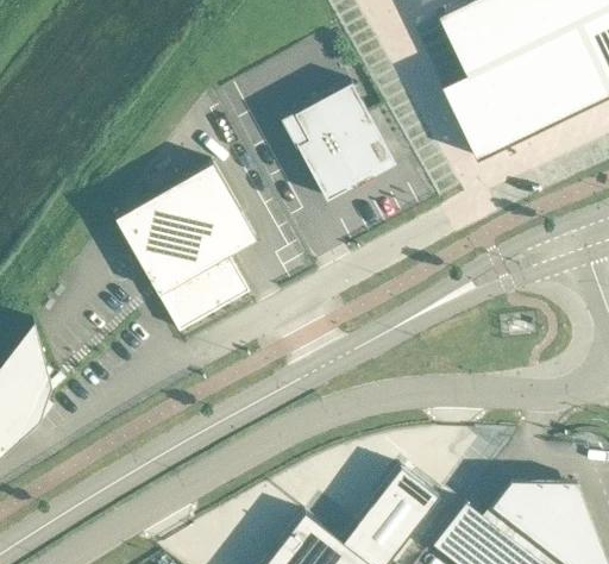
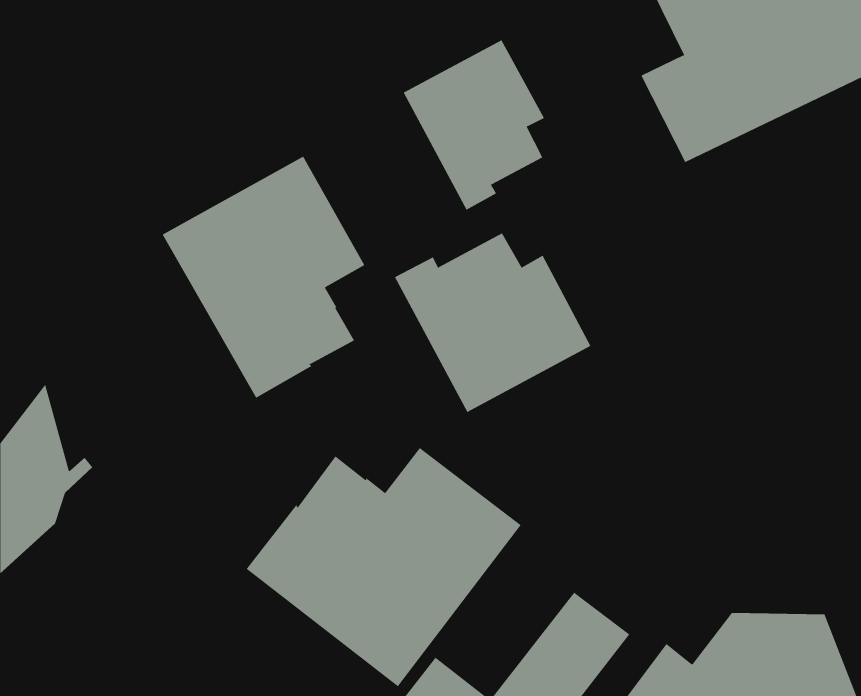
building: none -> [394,232,591,413]
building: none -> [246,447,521,687]

